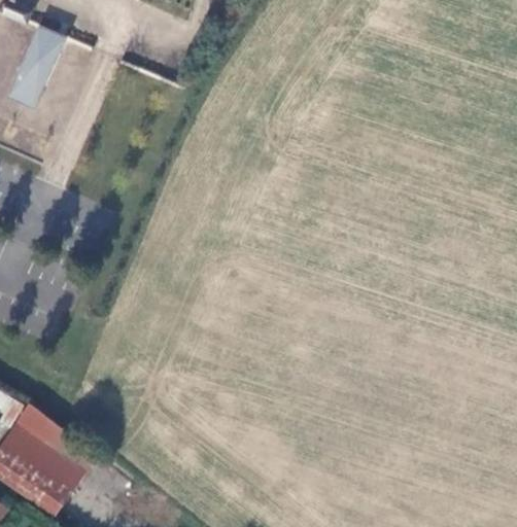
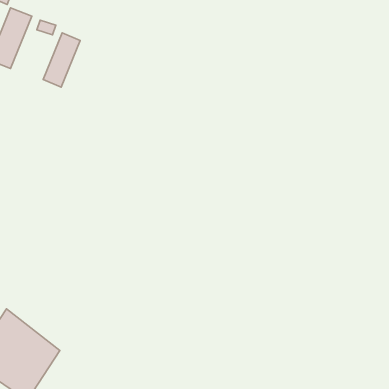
building: none -> [43,33,80,87]

